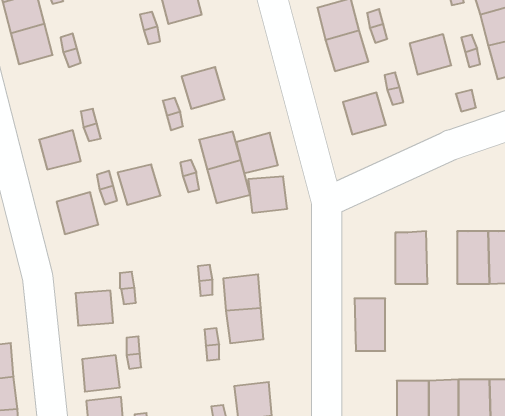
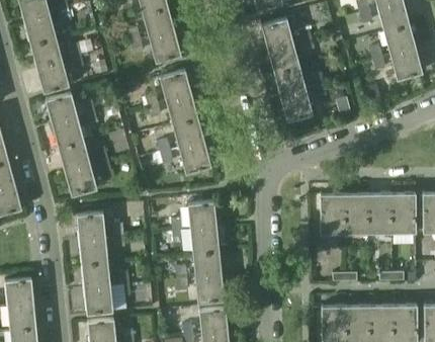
building: none -> [150,31,181,63]
building: [410,34,451,75] -> [275,67,307,97]
building: none -> [37,62,70,93]
building: none -> [47,93,78,125]
building: [236,133,278,173] -> [167,95,198,125]
building: [118,164,161,205] -> [59,142,91,172]
building: [248,176,287,213] -> [188,202,218,230]
building: none -> [77,213,106,241]
building: [354,298,385,351] -> [344,194,367,234]
building: none -> [82,263,110,290]
building: none -> [196,275,225,304]

